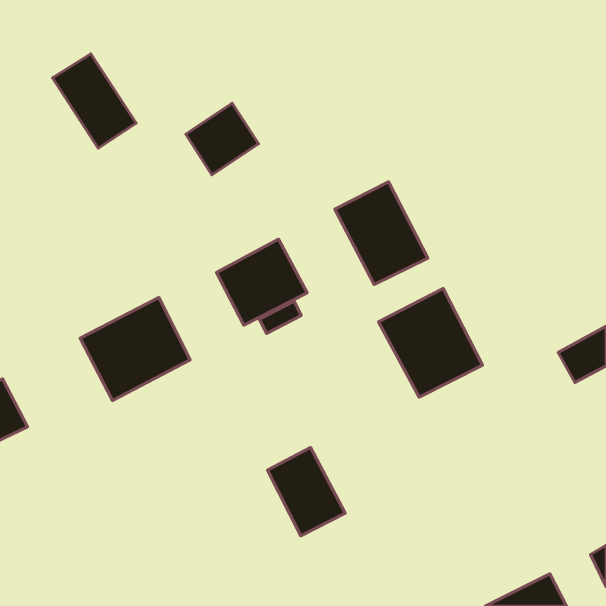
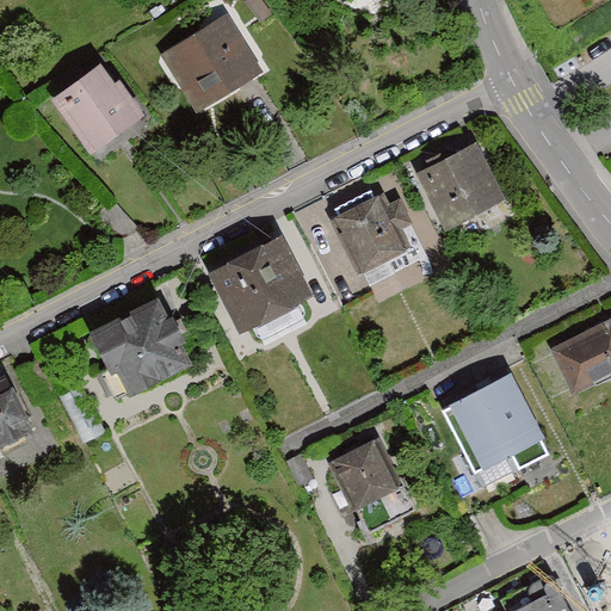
building: [186,103,259,175] -> [180,26,253,98]
building: none -> [433,149,498,211]
building: [379,289,483,397] -> [445,374,549,482]
building: [267,447,345,536] -> [337,440,414,529]

